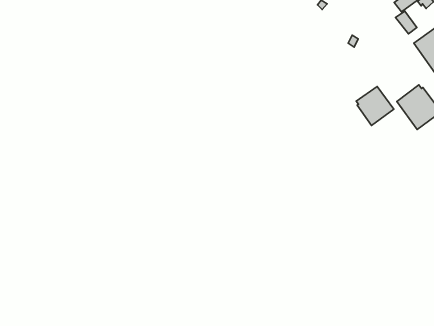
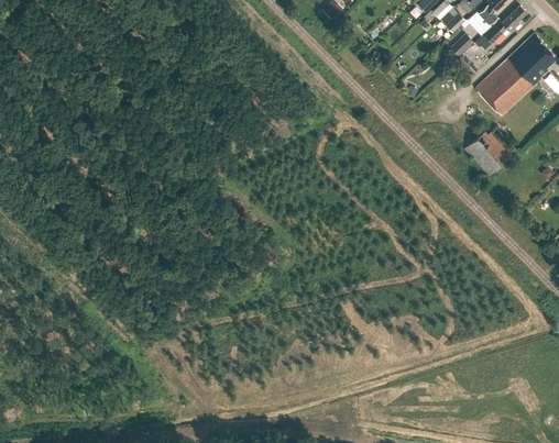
building: [356,86,394,126] -> none

